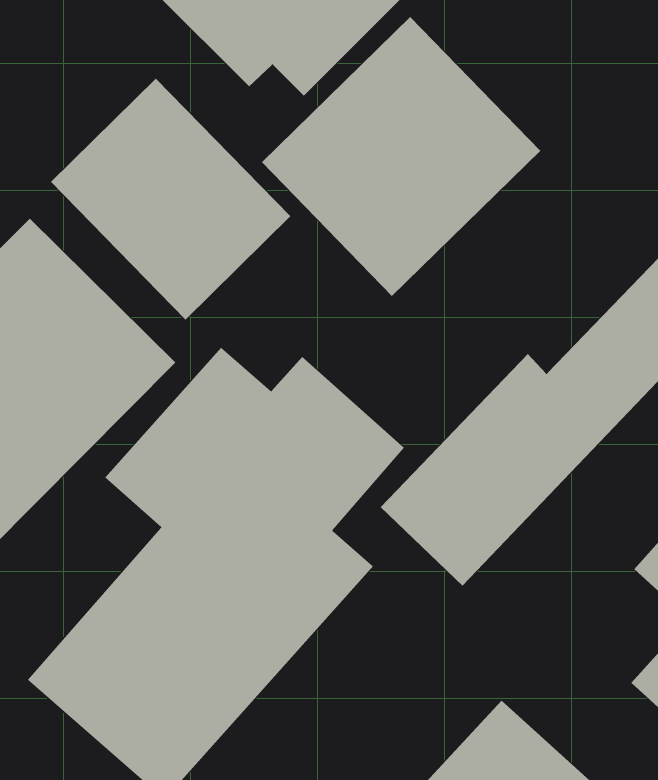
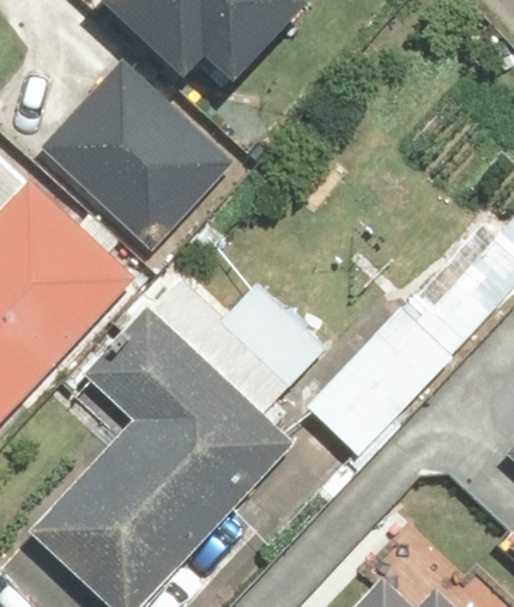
building: [261,16,541,297] -> none

